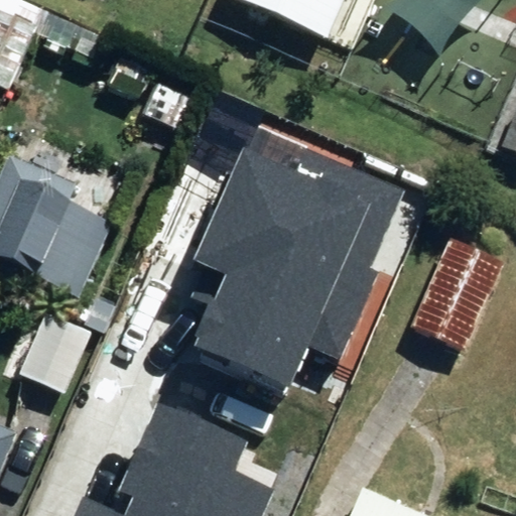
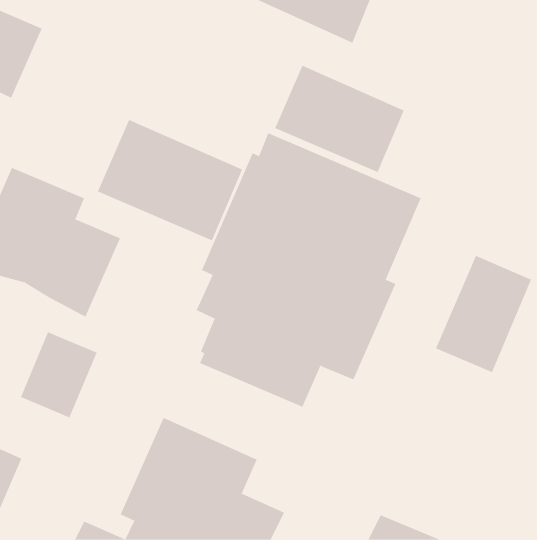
building: none -> [274,65,405,173]
building: none -> [97,119,243,241]

